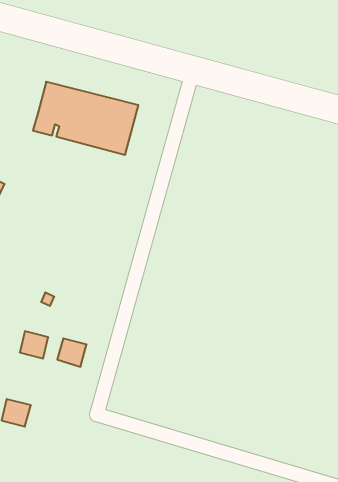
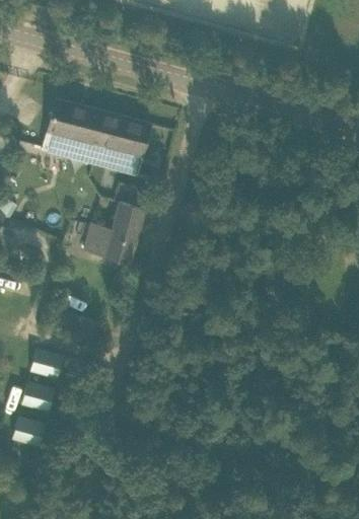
building: none -> [83,201,145,263]
building: [57,338,87,367] -> [21,382,51,411]

